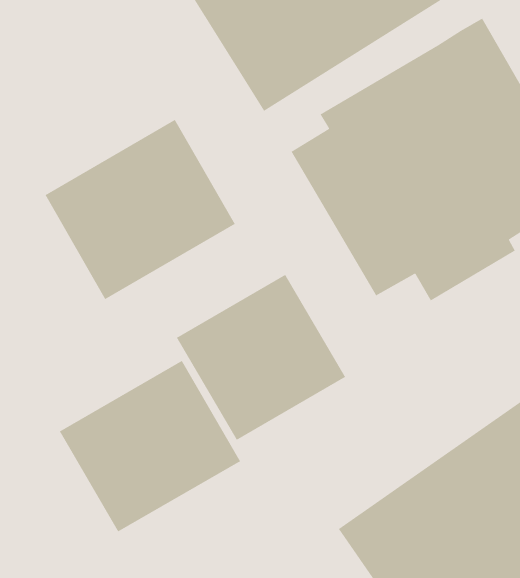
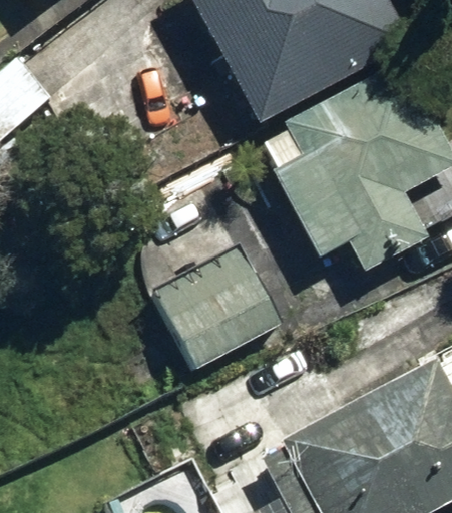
building: [44,119,236,300] -> none
building: [59,360,241,533] -> none

